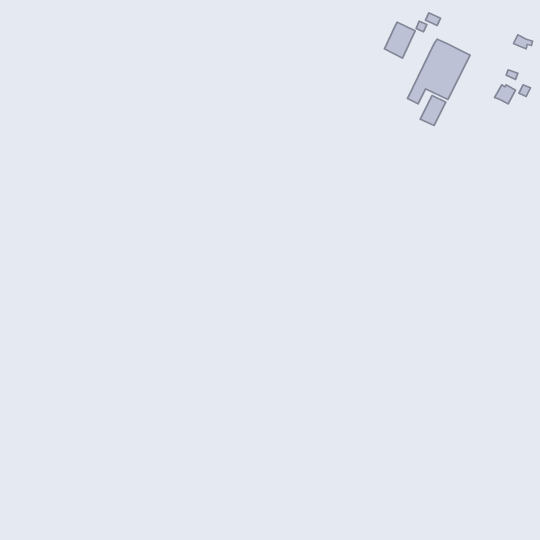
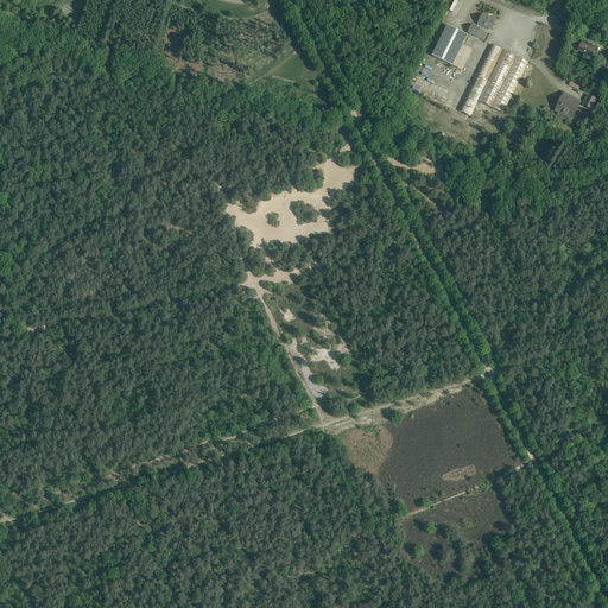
building: [420,95,446,125] -> none

